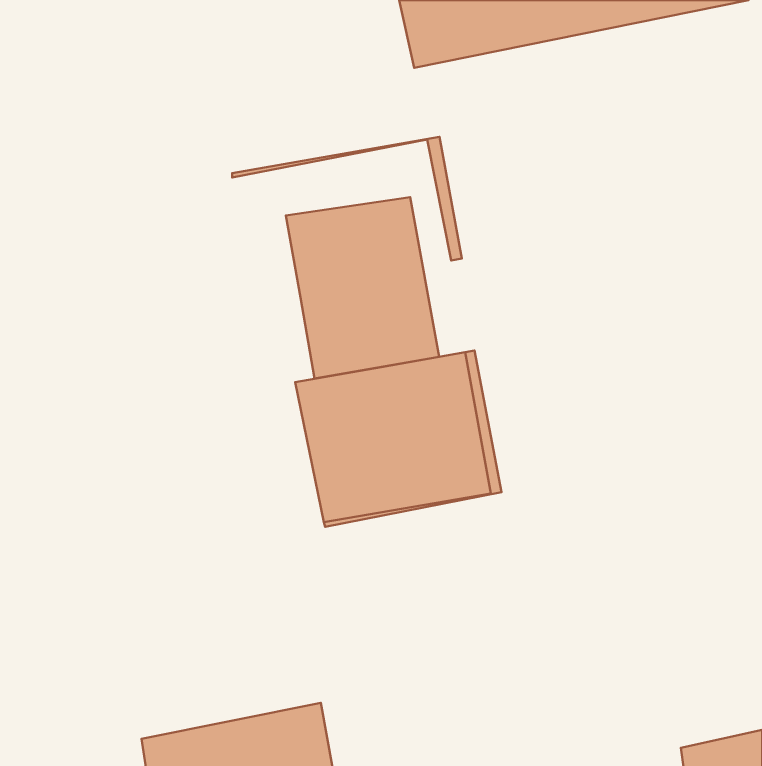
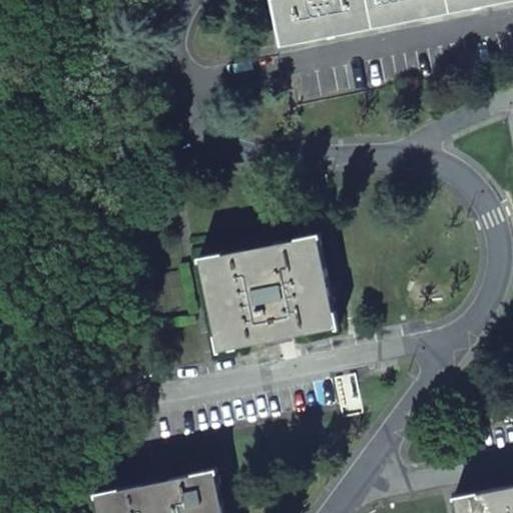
building: [232,137,462,261] -> none
building: [286,197,439,378] -> none

